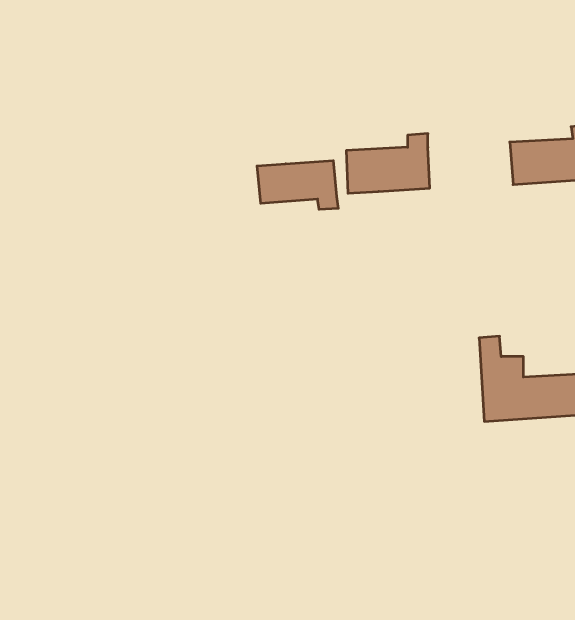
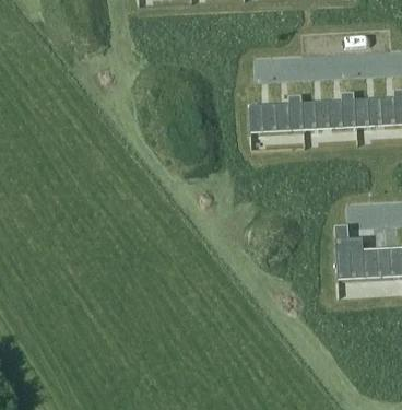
building: none -> [303,92,357,129]
building: [257,161,338,209] -> none

